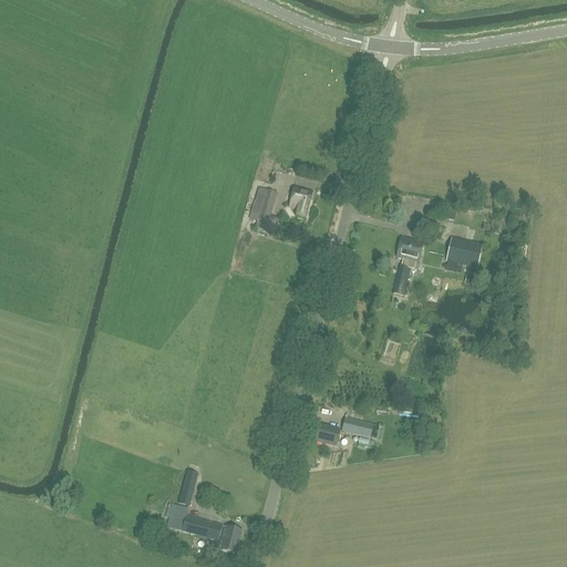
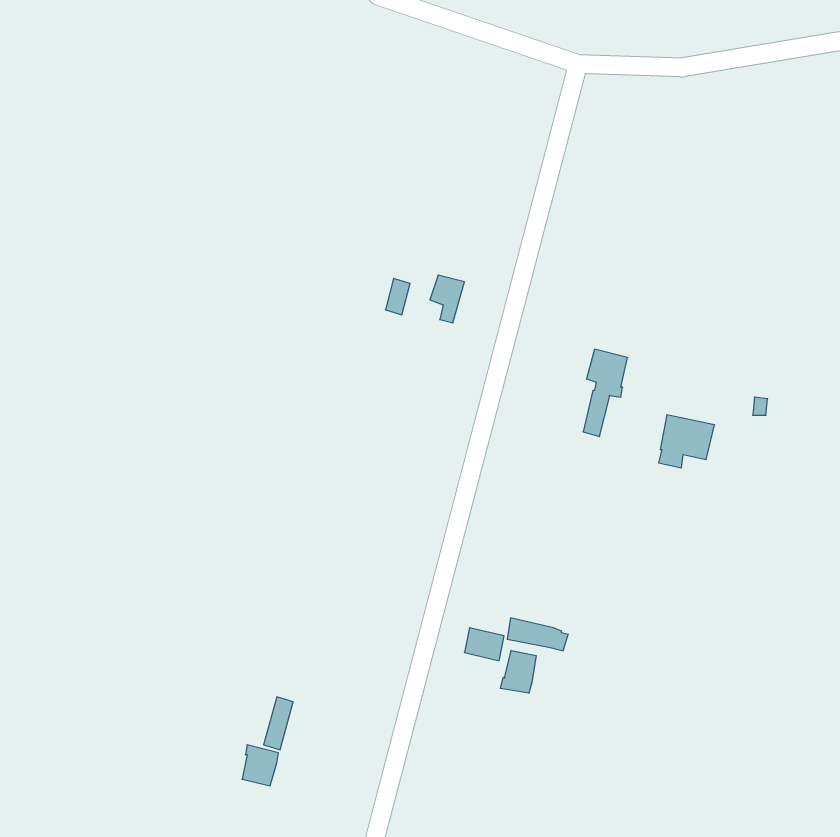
building: [444,236,482,271] -> [659,415,715,468]
building: none -> [500,650,536,693]
building: [182,513,241,551] -> none

